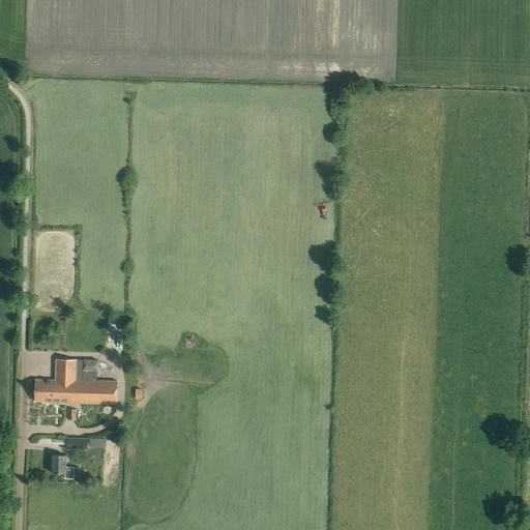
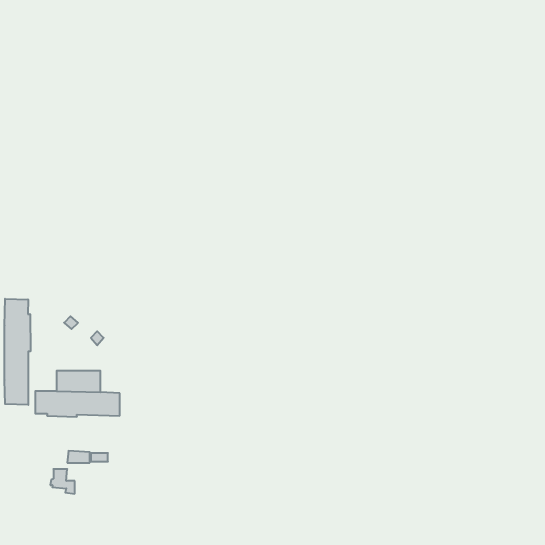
building: none -> [5,299,30,405]

